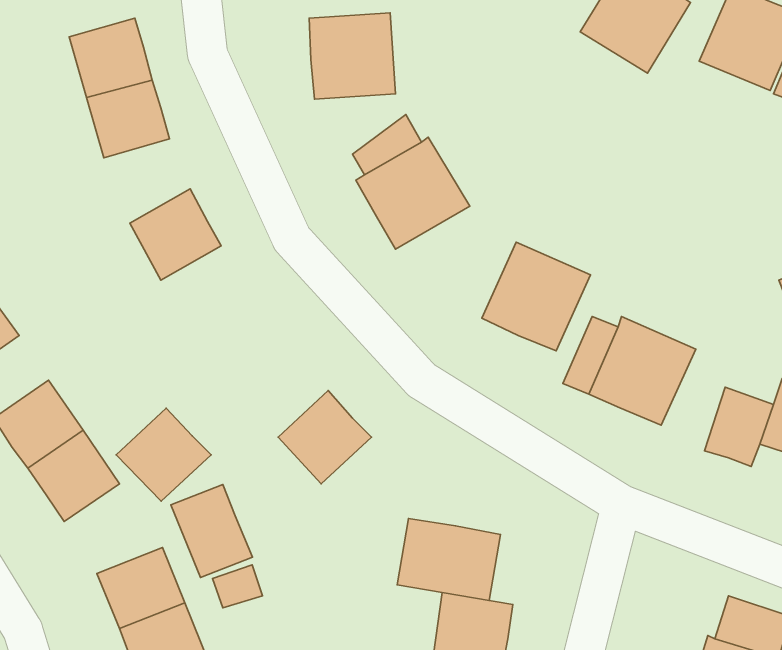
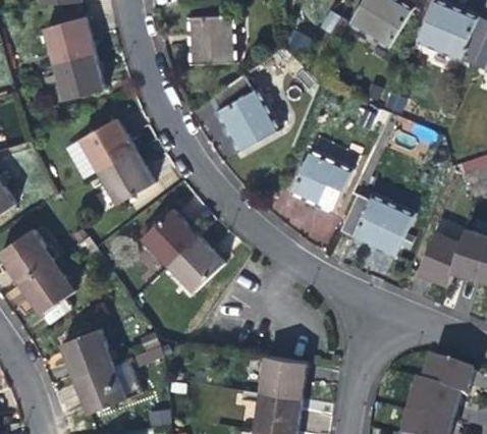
building: none -> [99,151,153,203]
building: [116,408,211,501] -> [142,209,198,264]
building: [171,484,253,578] -> none
building: [397,519,501,600] -> none

